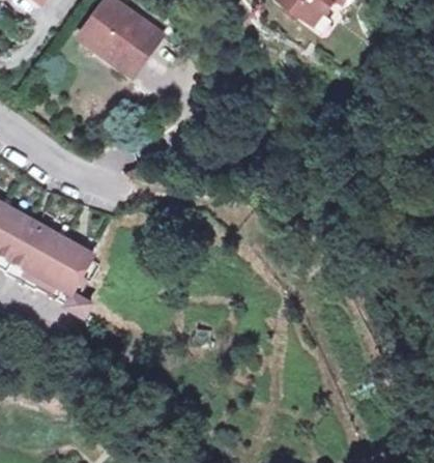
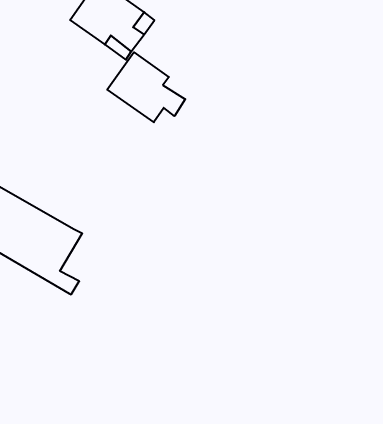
building: none -> [107,52,185,122]

